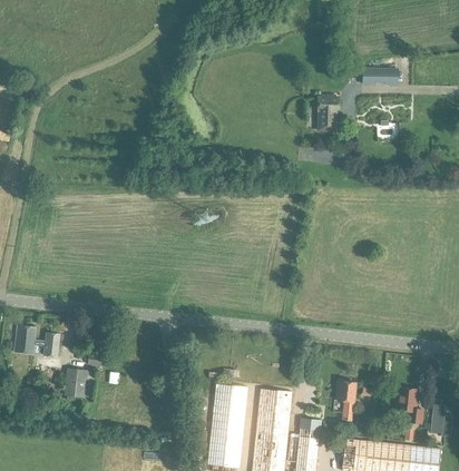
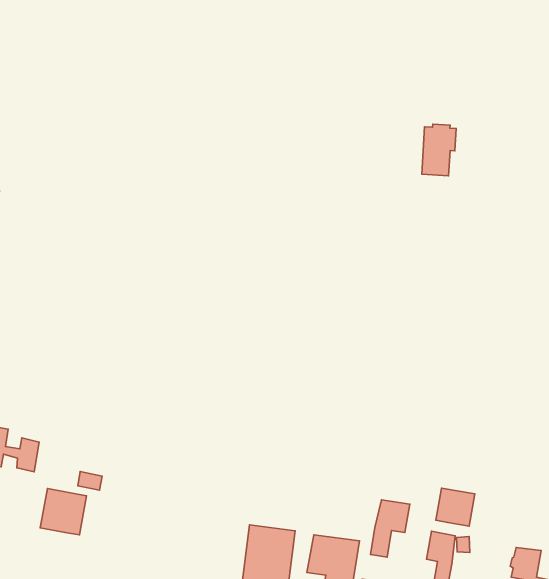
building: [363,69,399,85] -> none
building: none -> [436,488,475,526]
building: none -> [370,500,410,557]

